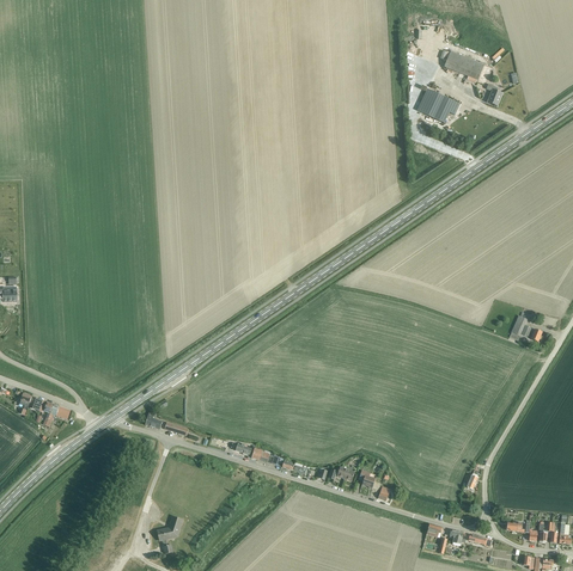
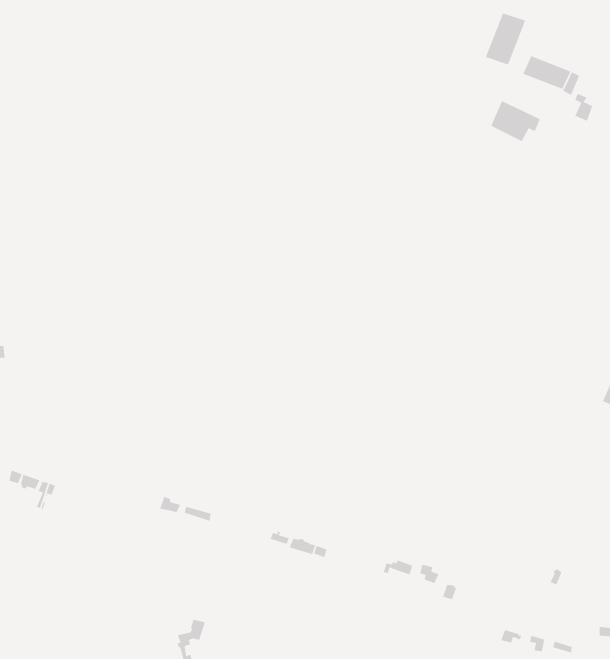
building: none -> [485,12,526,66]

